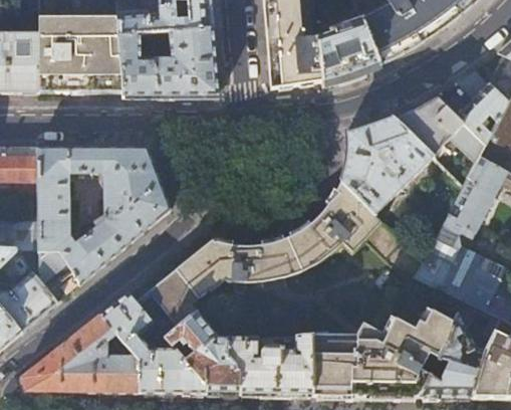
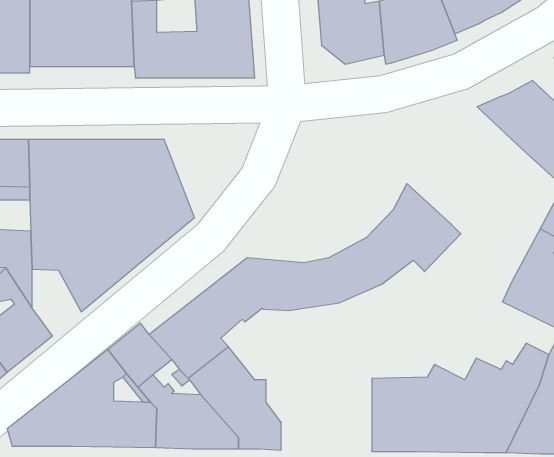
building: [340,115,433,212] -> none
building: [41,248,80,301] -> none
building: [228,336,312,394] -> none

